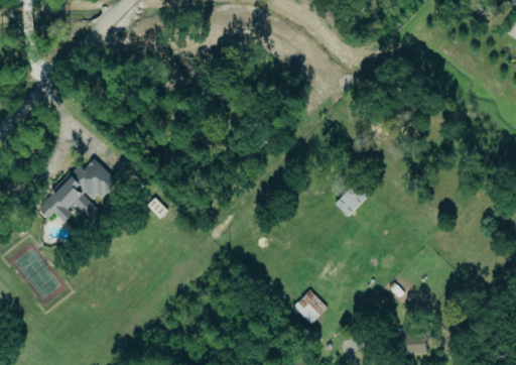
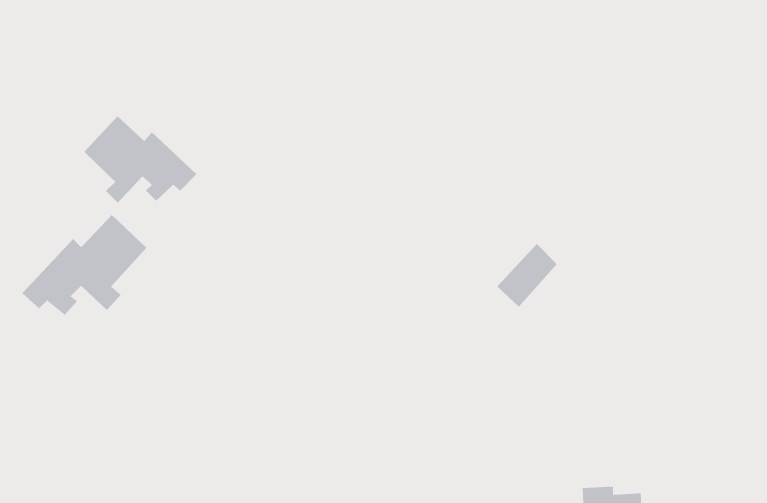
building: none -> [83,115,197,203]
building: [292,290,326,324] -> none

